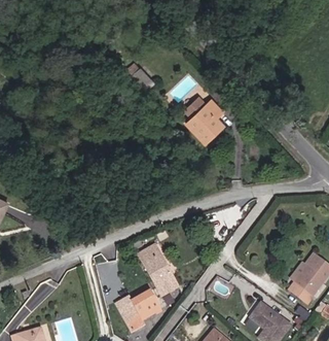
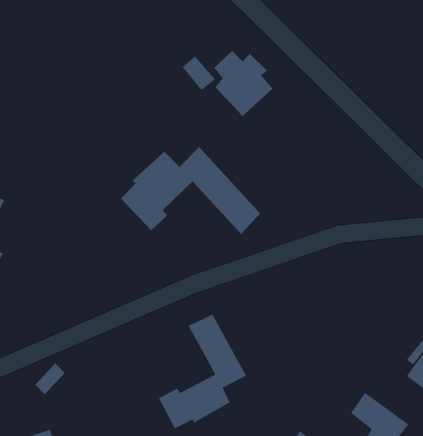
building: [184,99,226,145] -> [213,50,274,117]
building: none -> [120,146,261,235]

